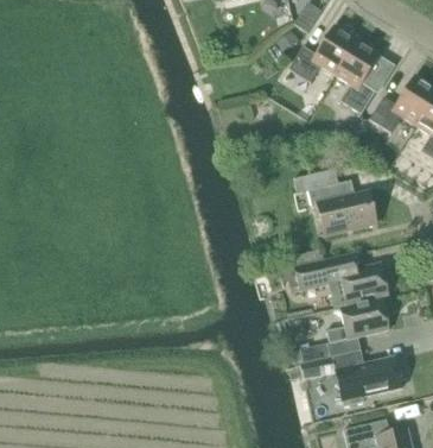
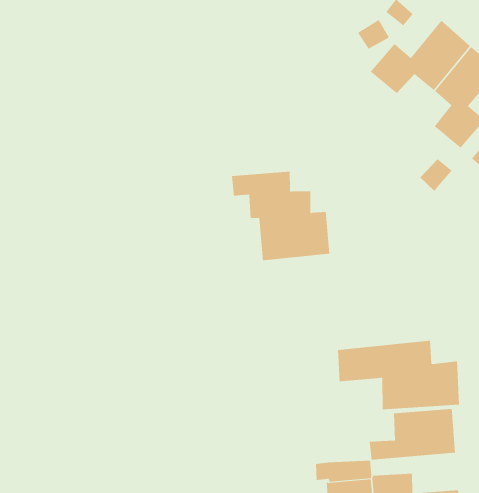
building: [294,169,372,235] -> [231,171,330,261]

